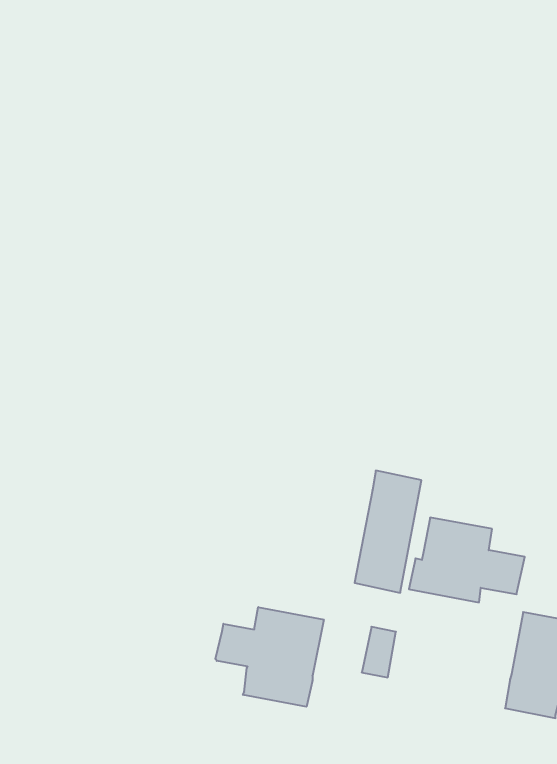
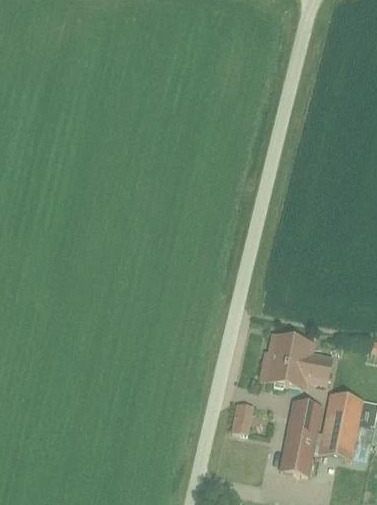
building: [355,471,421,593] -> [281,398,322,473]
building: [215,607,324,707] -> none

